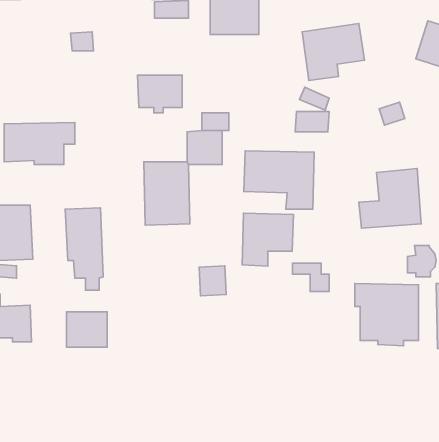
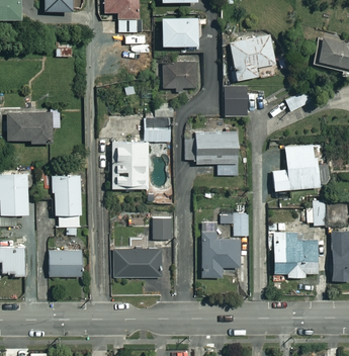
building: [137,75,182,113] -> [163,64,196,92]
building: [242,213,293,266] -> [202,239,241,278]
building: none -> [114,250,161,278]

